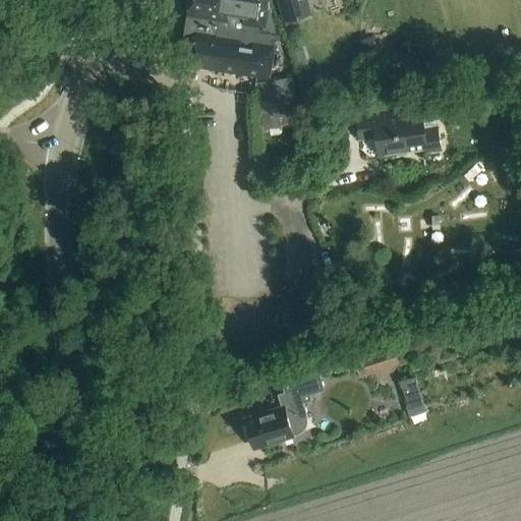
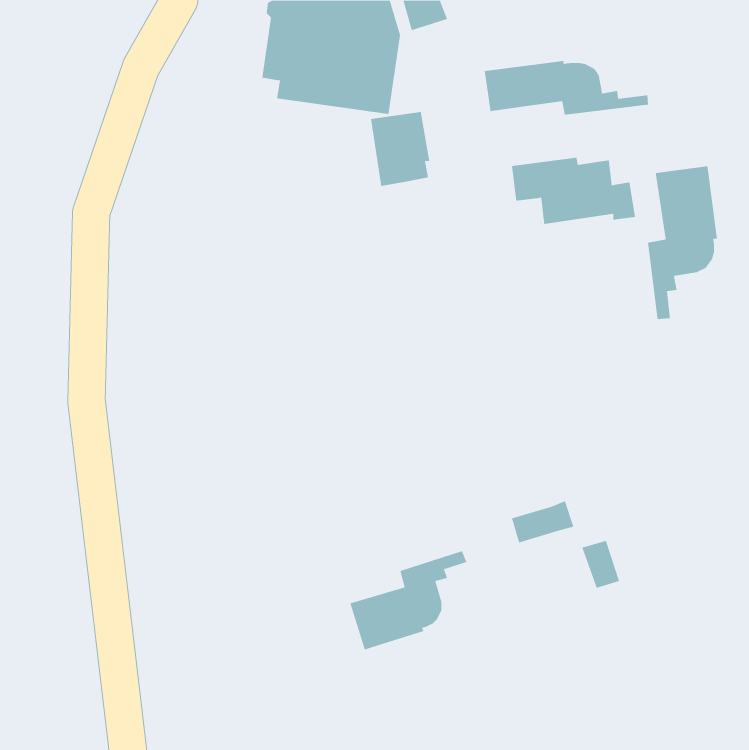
building: none -> [484,60,649,116]
building: none -> [647,165,718,320]

